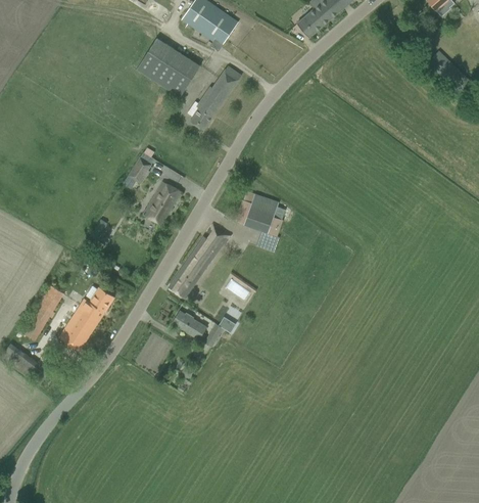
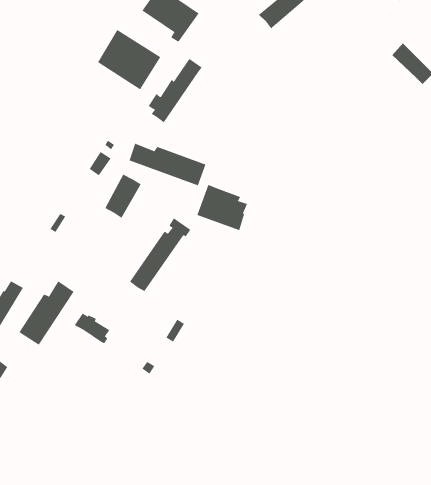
building: none -> [129,143,206,186]
building: [172,311,207,341] -> [74,313,110,344]

